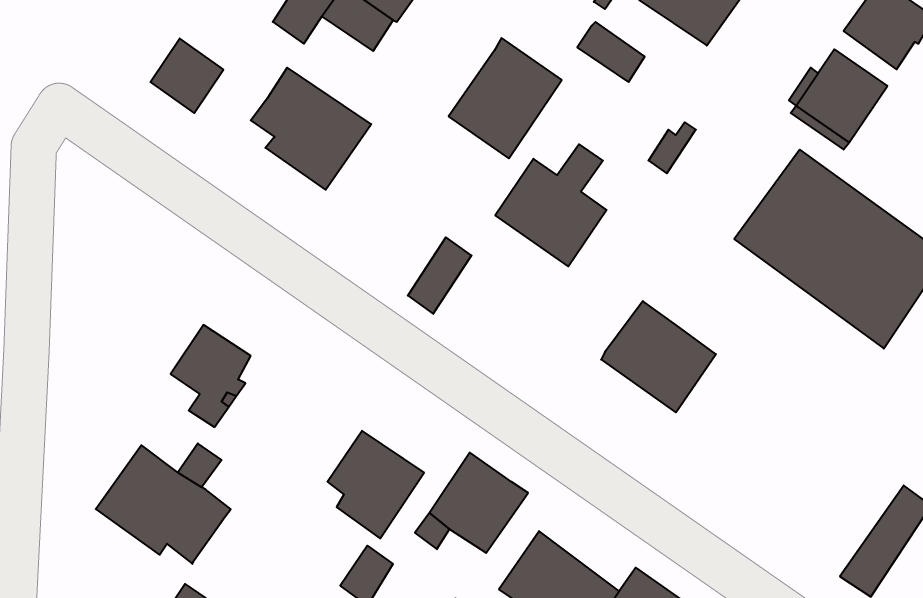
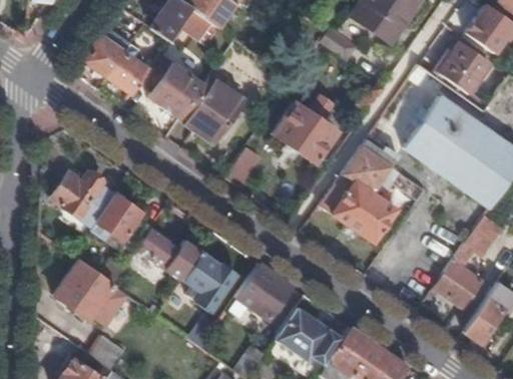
building: [449,38,562,158] -> [181,77,243,143]
building: none -> [109,54,149,94]
building: none -> [323,134,401,210]
building: none -> [53,170,114,227]
building: none -> [435,216,502,308]
building: none -> [138,228,201,281]

